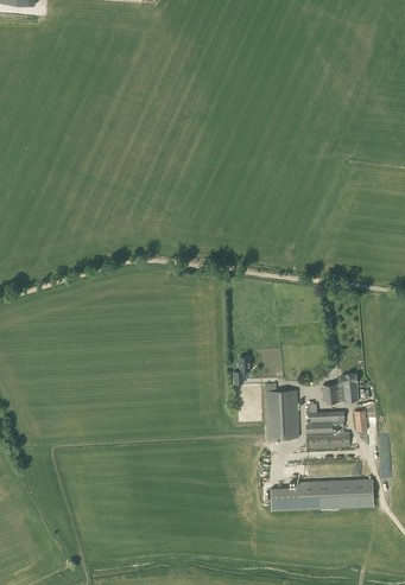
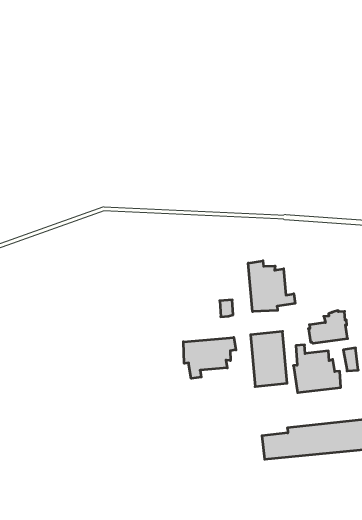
building: none -> [248,261,295,312]
building: none -> [183,337,236,378]

